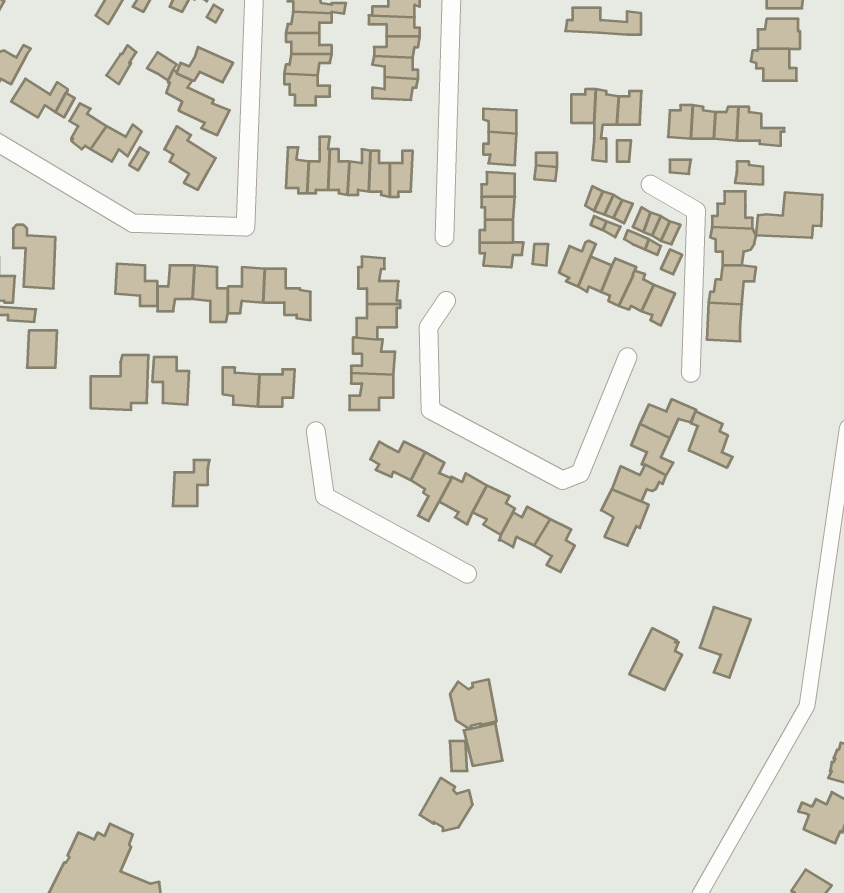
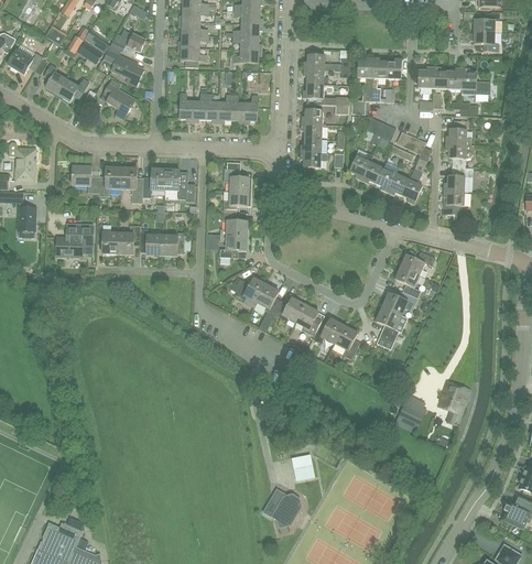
building: [565,8,641,34] -> [303,54,350,70]
building: [756,192,822,238] -> none
building: [689,411,733,468] -> none
building: [173,460,210,506] -> [118,225,141,253]
building: [450,679,496,729] -> none

